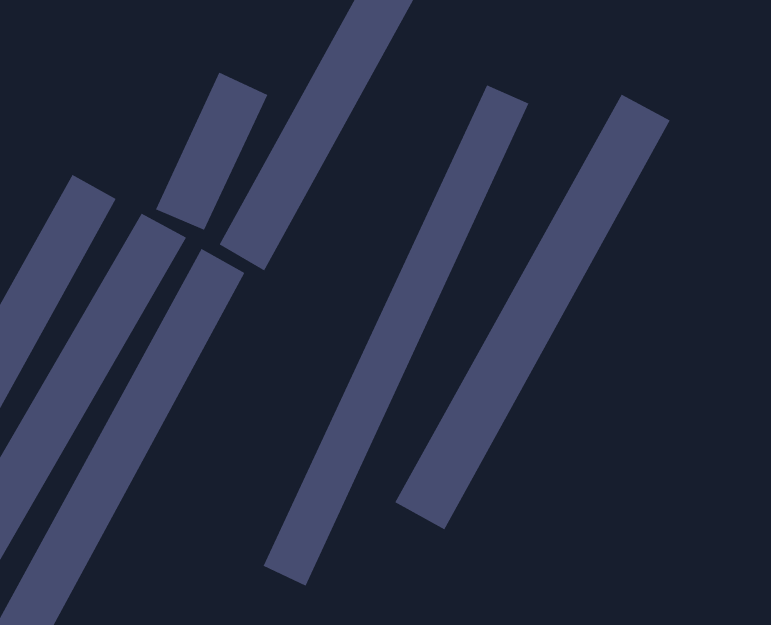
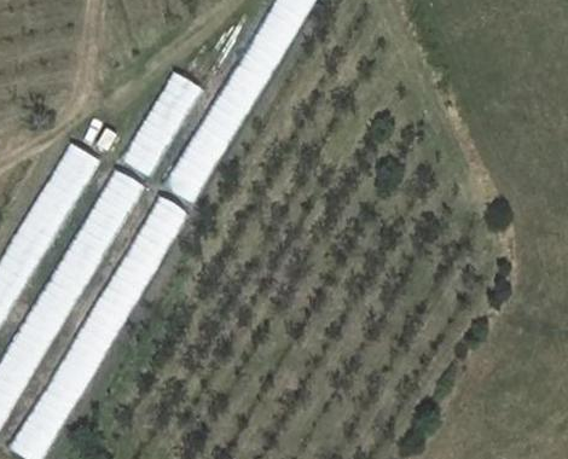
building: [263,84,529,587] -> none
building: [395,94,671,530] -> none

